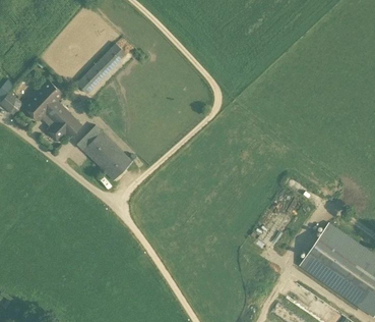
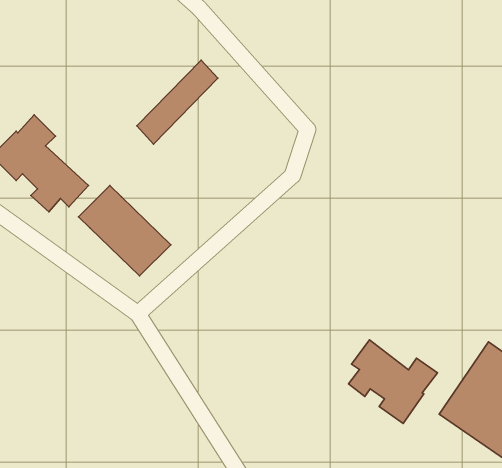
building: [76,43,126,95] -> [137,60,218,144]
building: none -> [349,340,437,423]

